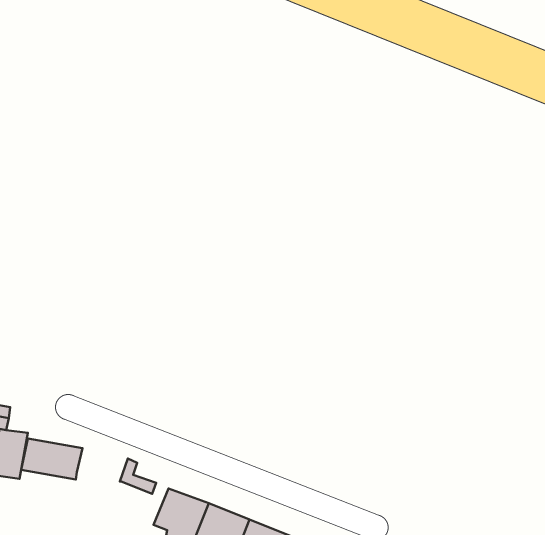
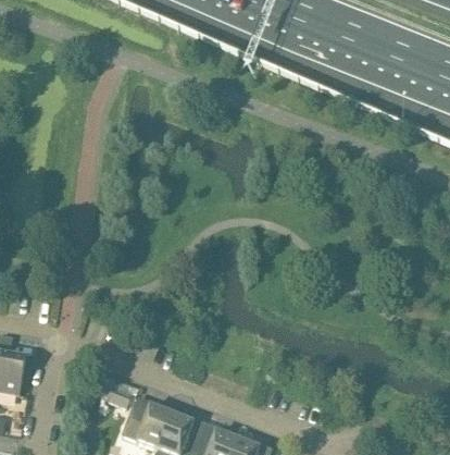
building: [21,439,82,480] -> none

